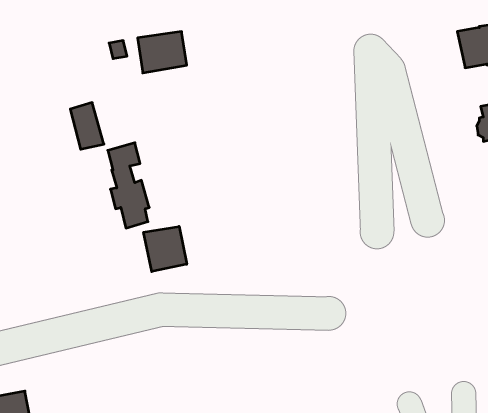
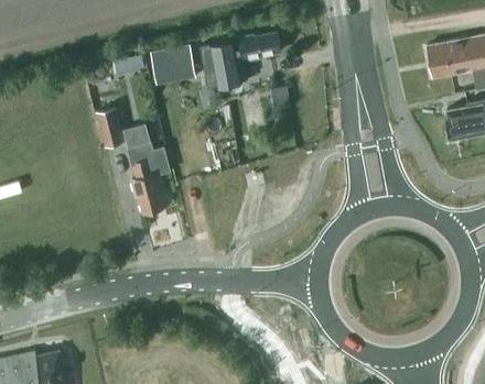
building: none -> [200,32,281,88]
building: [144,226,187,272] -> none

